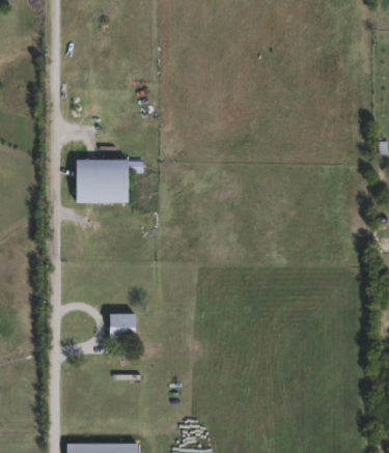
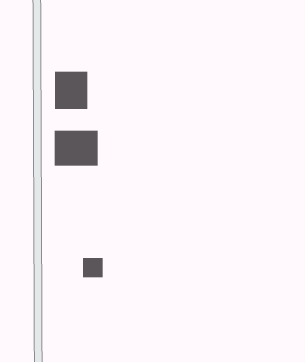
building: none -> [55,71,88,110]

